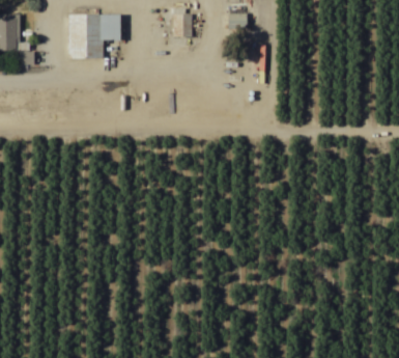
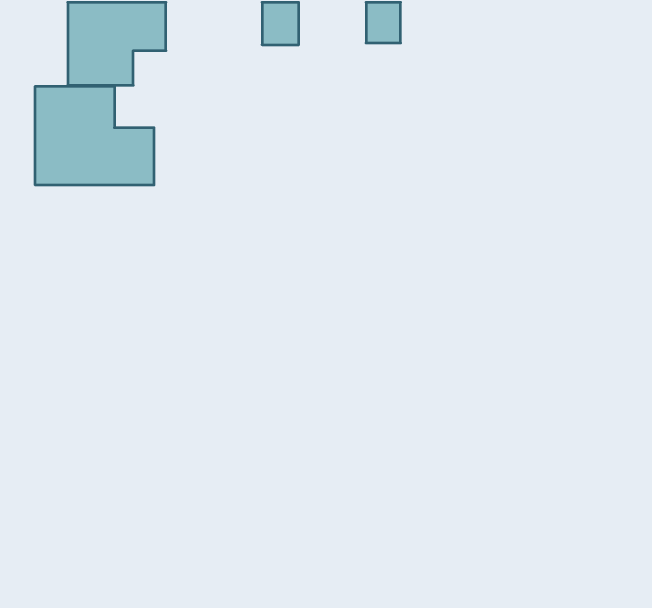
building: none -> [35,86,154,185]

